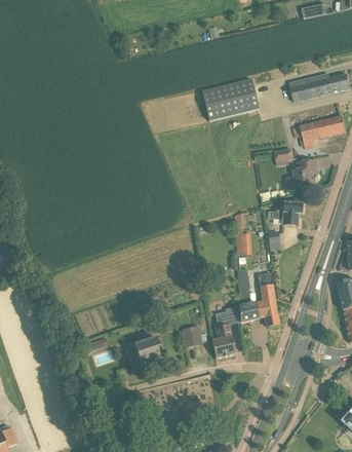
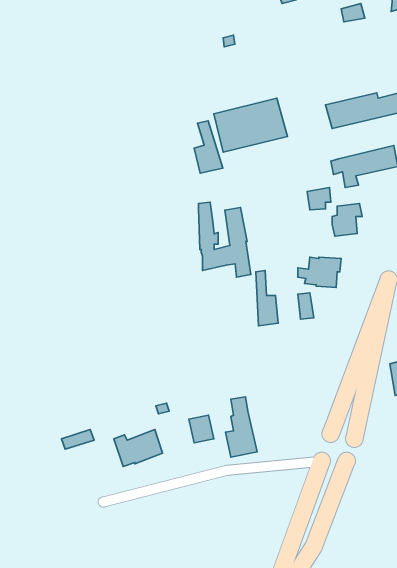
building: none -> [194,121,223,173]
building: [238,268,279,327] -> [198,202,251,277]

